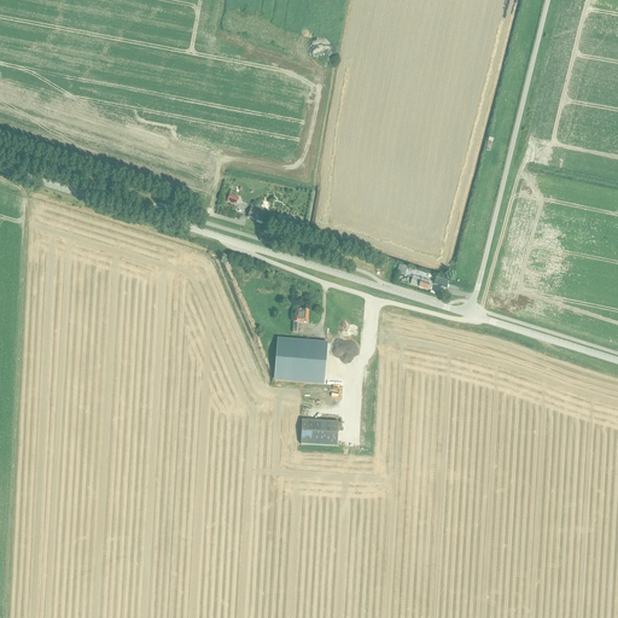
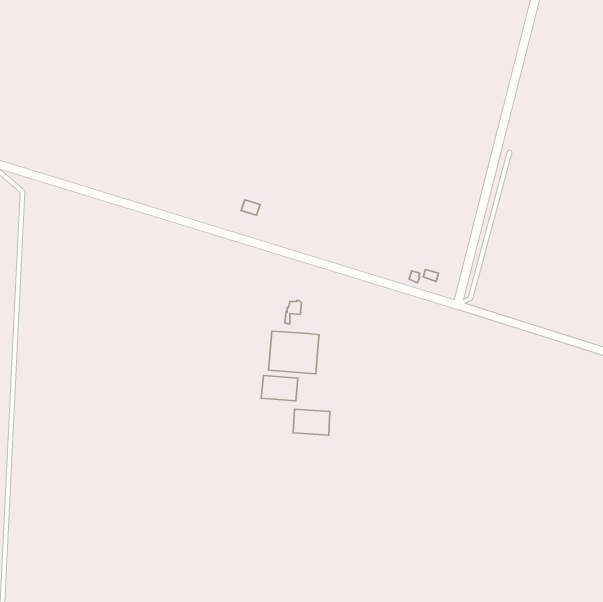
building: none -> [261,376,298,401]

